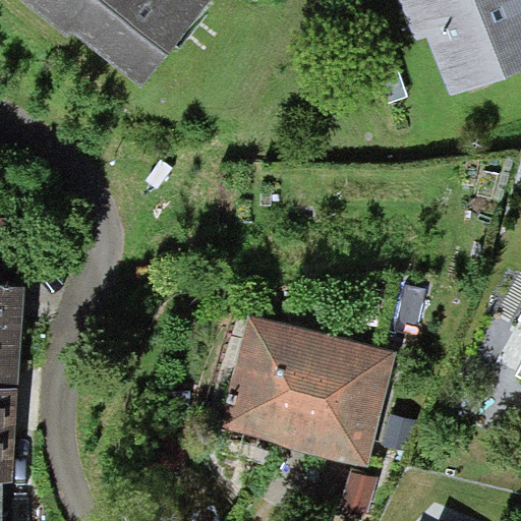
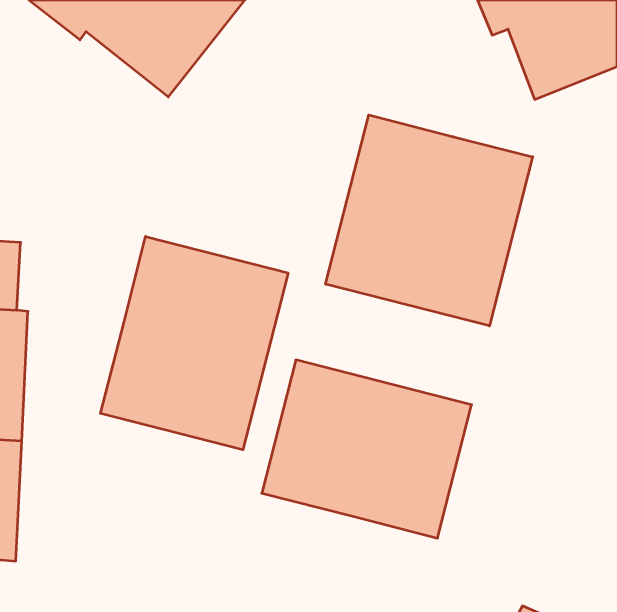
building: none -> [326,115,533,326]
building: none -> [100,236,288,450]

